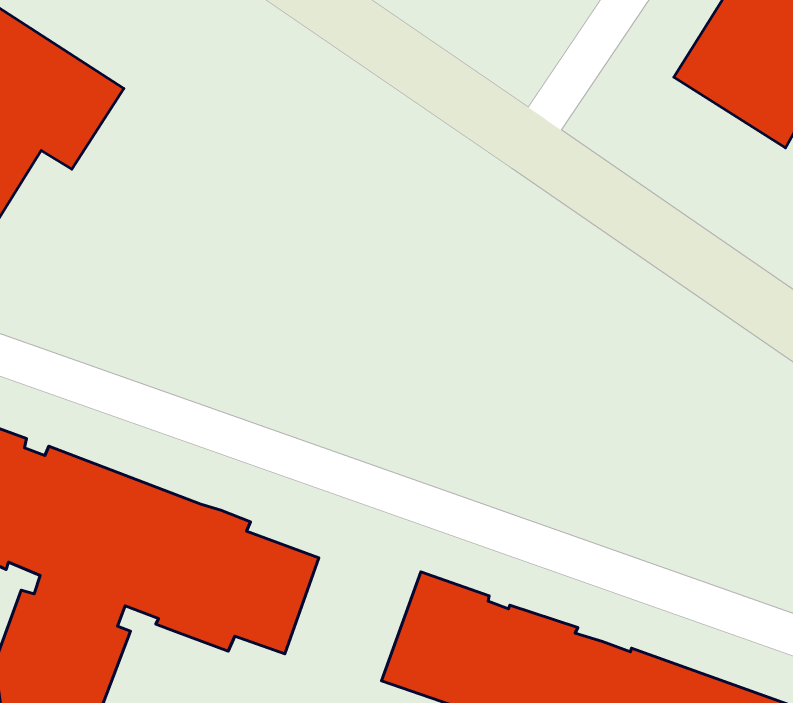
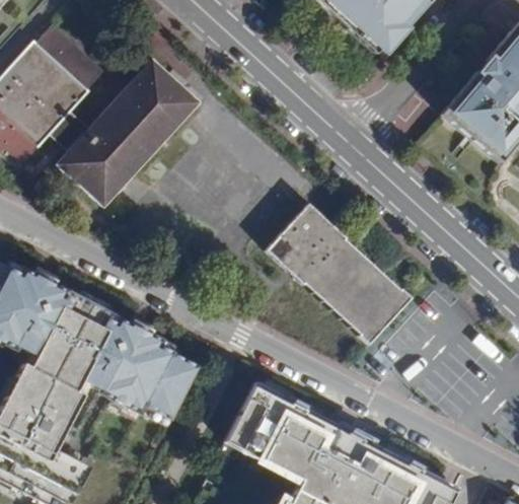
building: none -> [50,57,199,211]
building: none -> [261,205,411,347]

